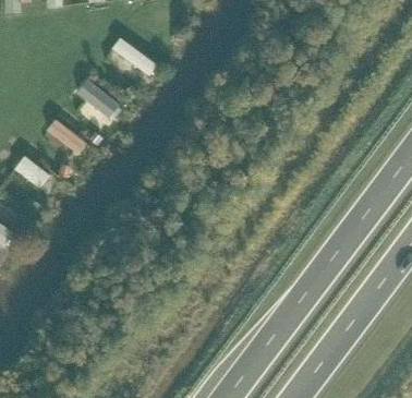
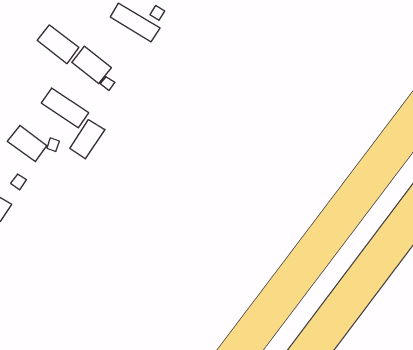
building: none -> [37,25,79,64]
building: none -> [70,120,105,159]

